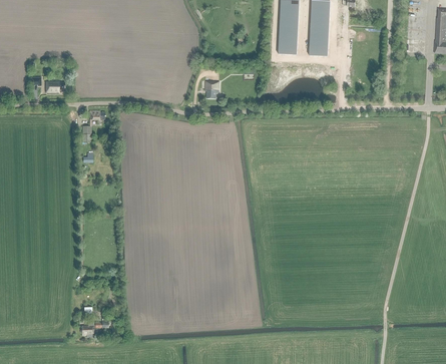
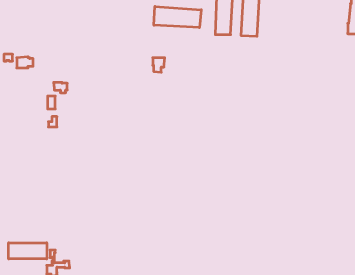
building: none -> [154,6,201,28]
building: none -> [9,243,47,259]

